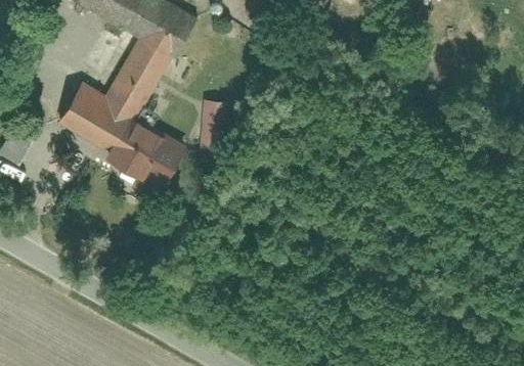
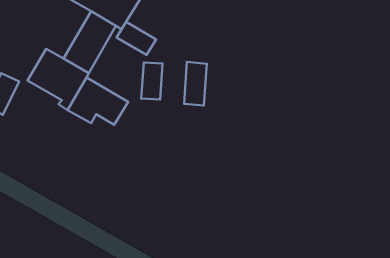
building: none -> [116,22,156,55]
building: none -> [184,62,207,106]

